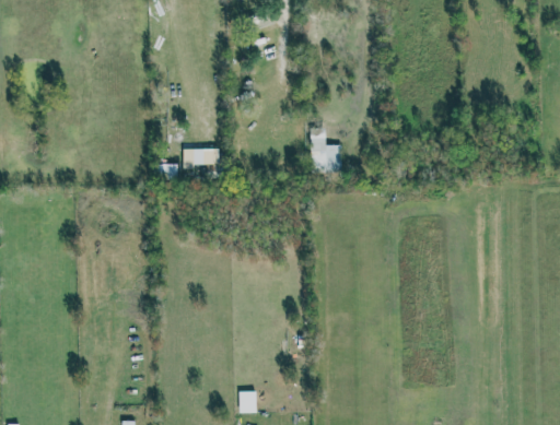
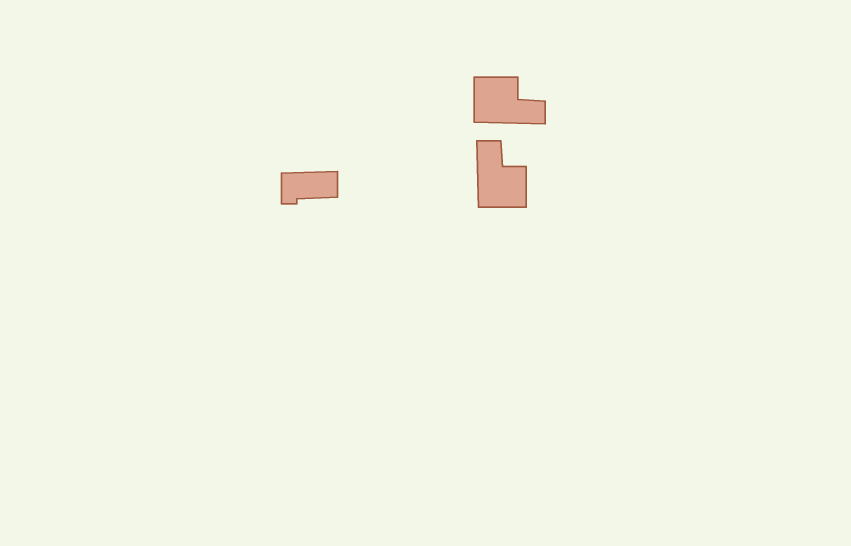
building: none -> [474,77,545,124]

